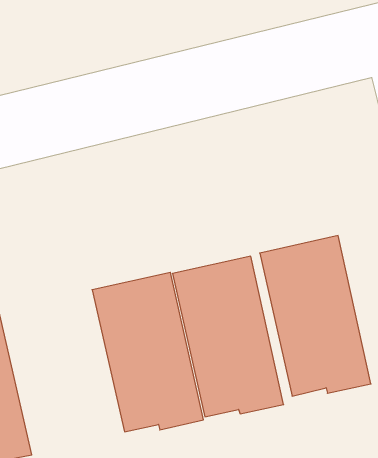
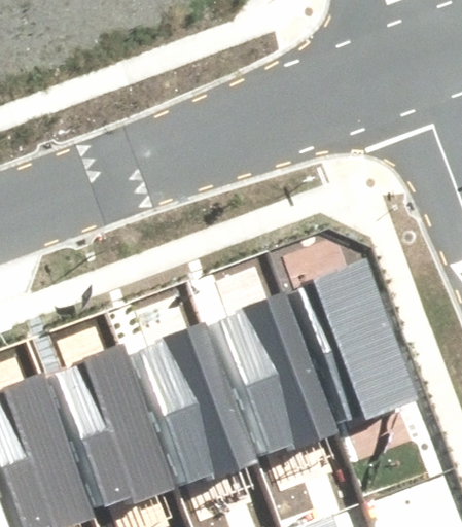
building: none -> [58,344,182,504]

